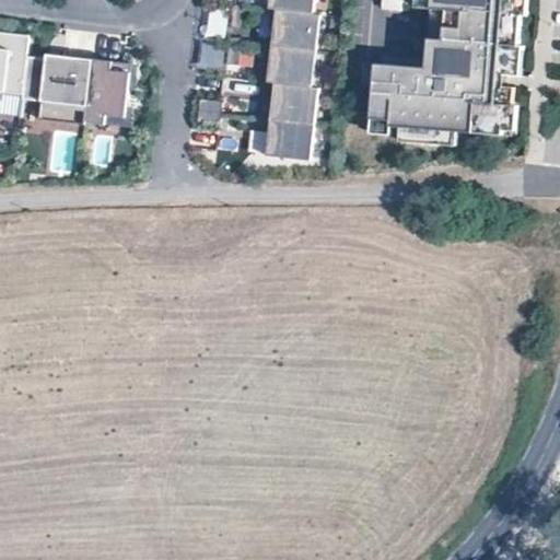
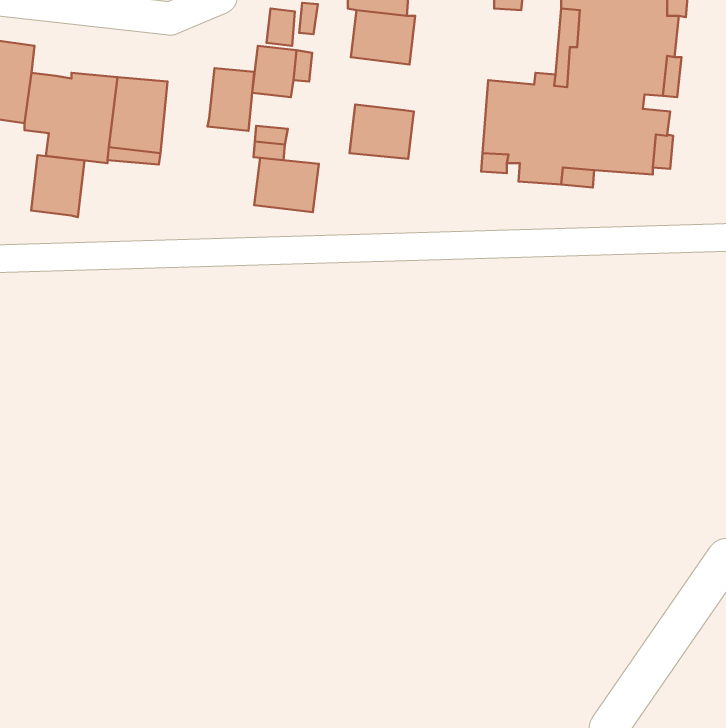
building: [265,44,313,84] -> none
building: none -> [207,68,254,131]
building: [262,117,312,159] -> [254,158,319,212]
building: none -> [31,155,84,217]

